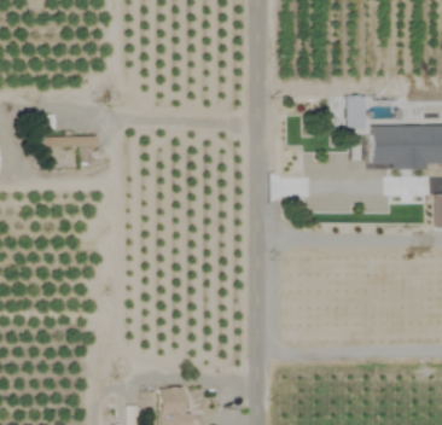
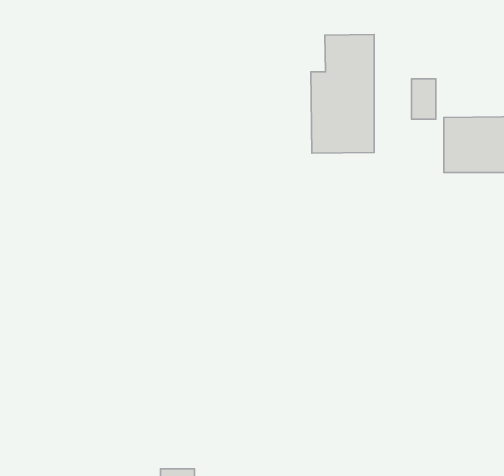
building: none -> [311,35,374,153]

